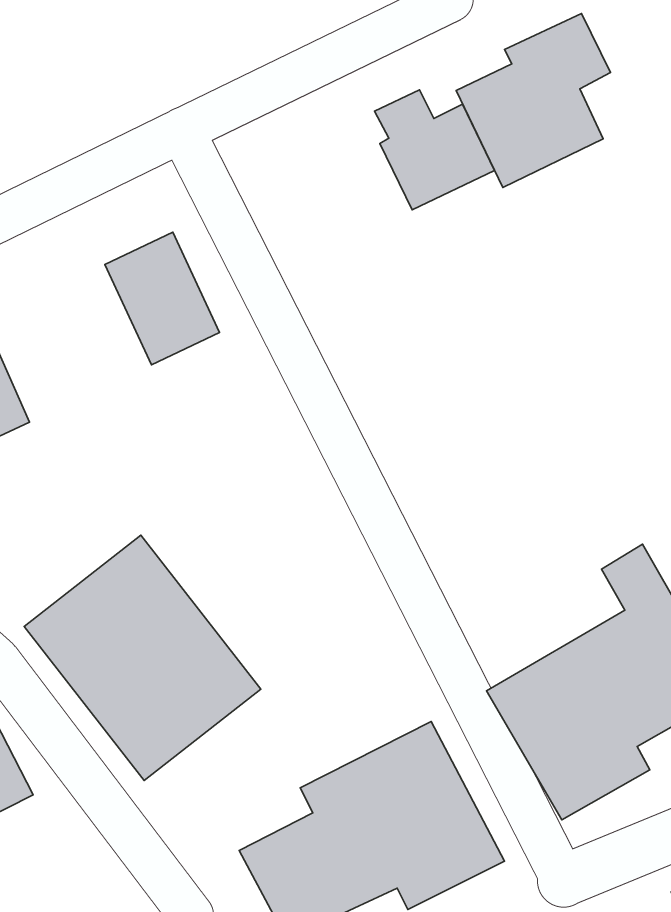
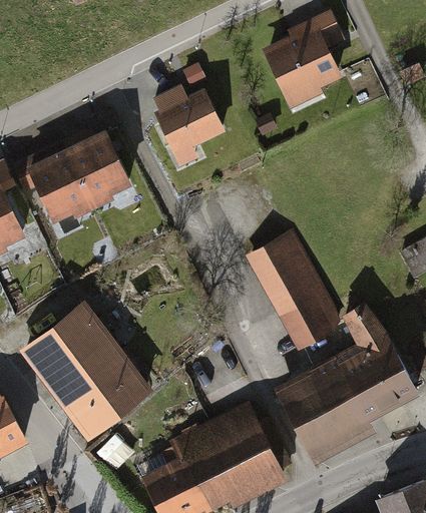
building: [375,90,495,210] -> [157,87,225,154]
building: none -> [26,149,90,223]
building: none -> [246,232,342,346]

